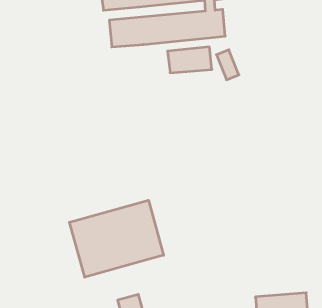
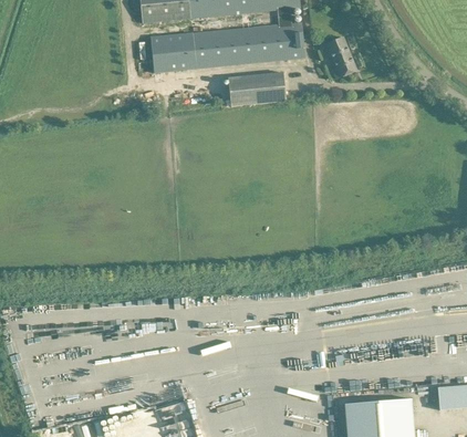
building: [216,50,239,80] -> [325,37,355,76]
building: [69,200,164,277] -> none

